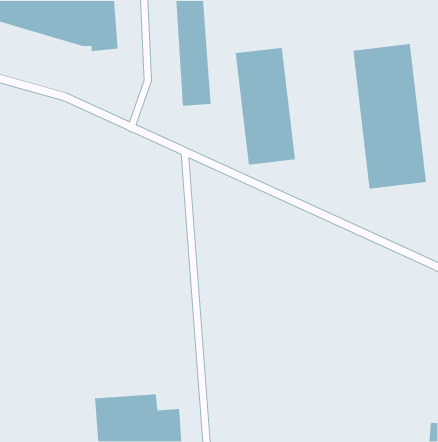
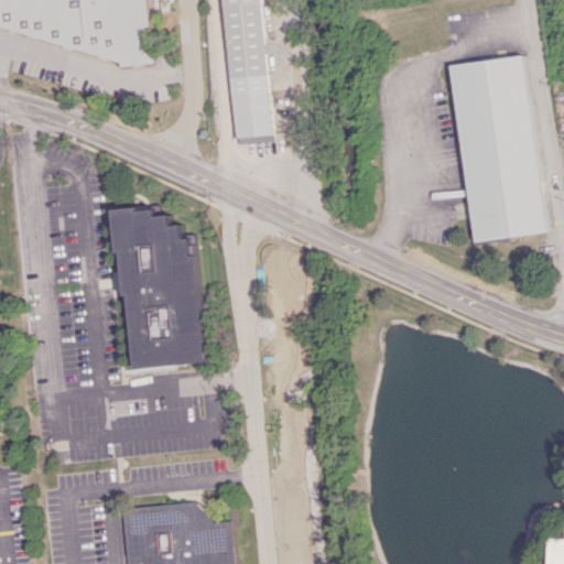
building: [235,47,296,166] -> none
building: none -> [113,204,207,368]

